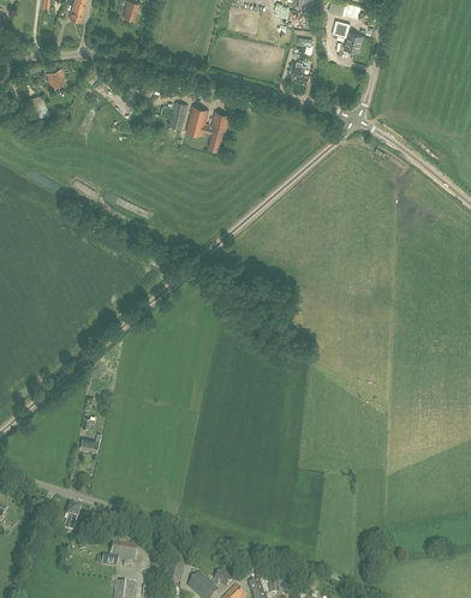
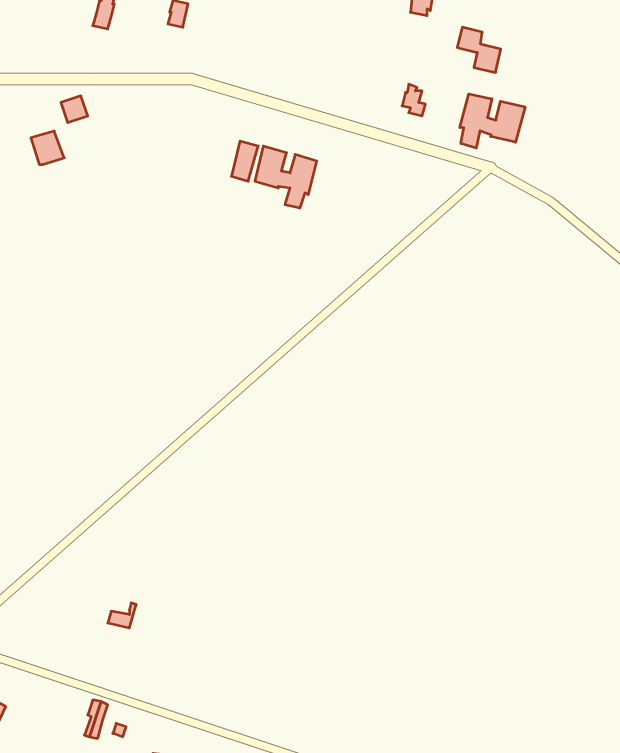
building: none -> [460,94,525,148]

